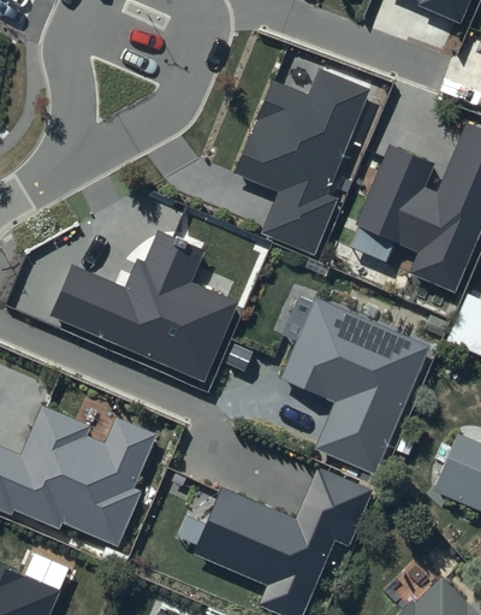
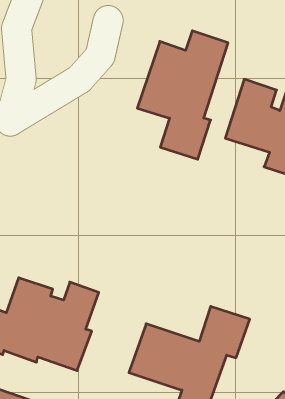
building: [51,230,237,380] -> none
building: [280,297,428,474] -> none

